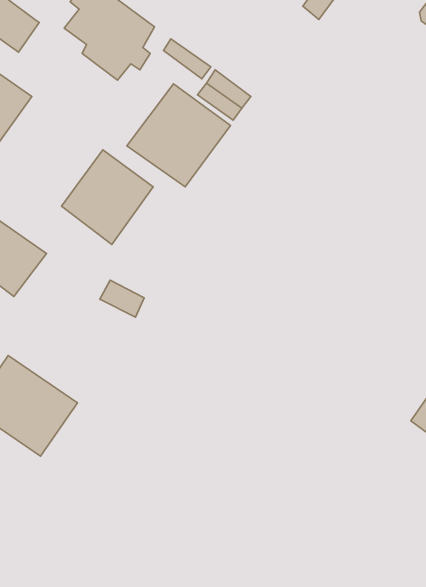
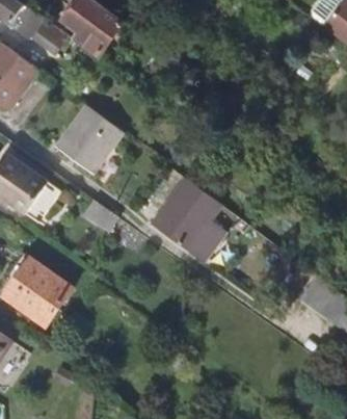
building: [127,84,230,187] -> none
building: none -> [155,181,229,264]

